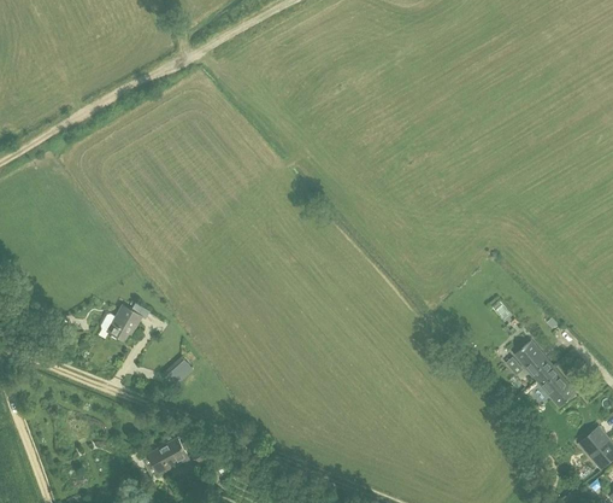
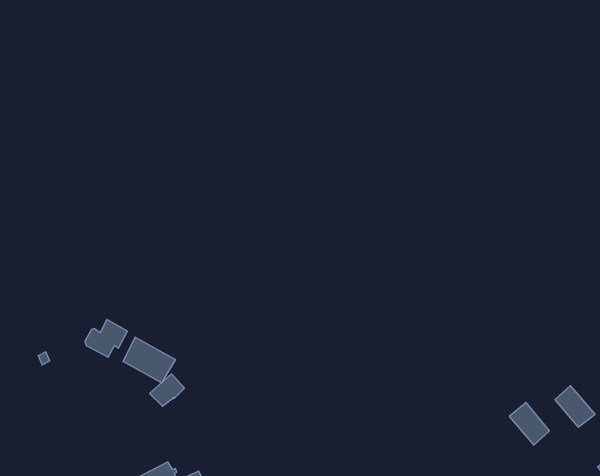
building: none -> [123,337,175,383]
building: [515,340,553,380] -> [509,402,549,445]

